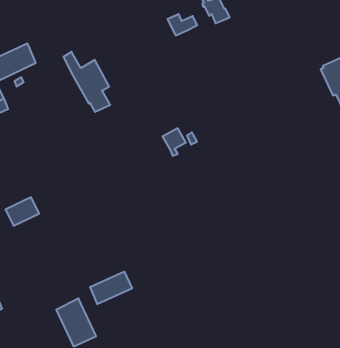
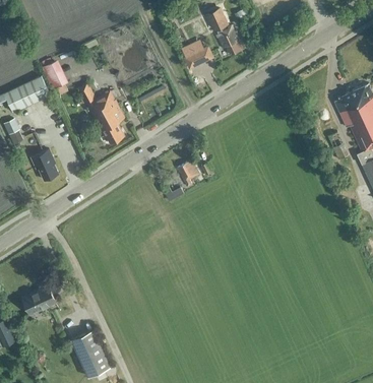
building: none -> [42,60,67,89]
building: none -> [30,149,57,180]
building: [5,197,39,226] -> [21,285,55,314]
building: [90,272,132,304] -> none

